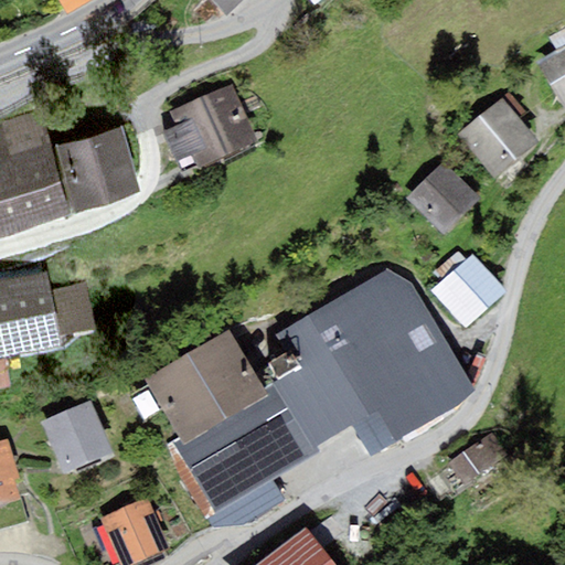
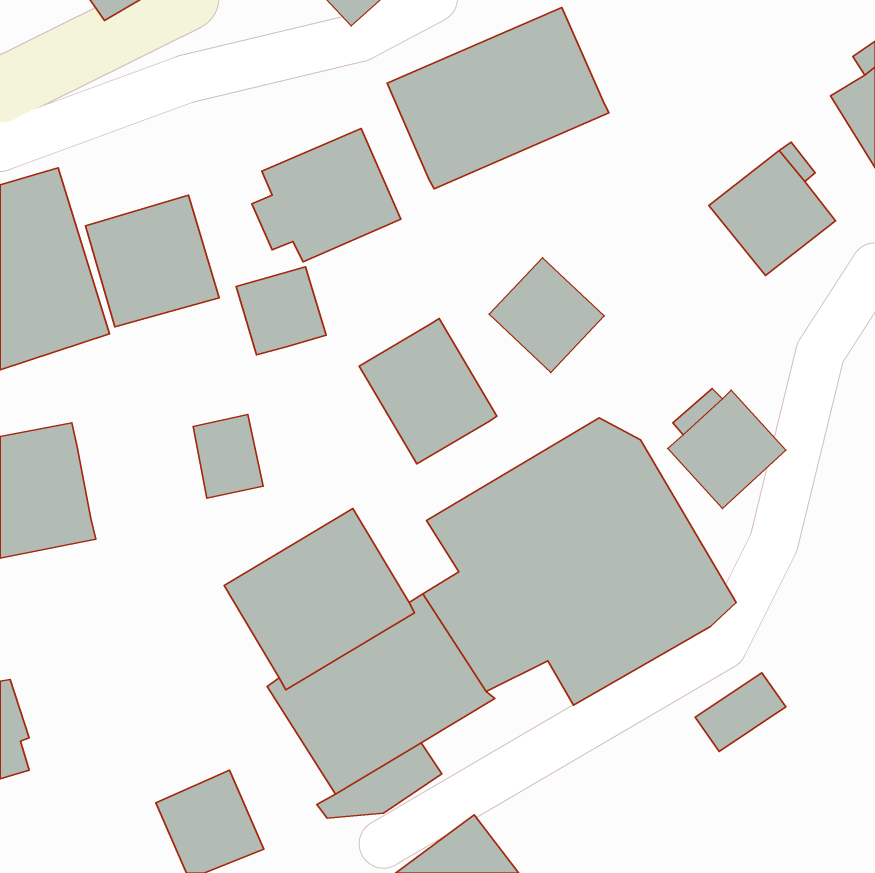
building: none -> [387,8,609,189]
building: [406,160,480,234] -> [489,258,604,372]
building: none -> [236,267,326,355]
building: none -> [359,318,497,464]
building: [50,280,95,334] -> [193,414,263,498]
building: [42,401,113,473] -> none

